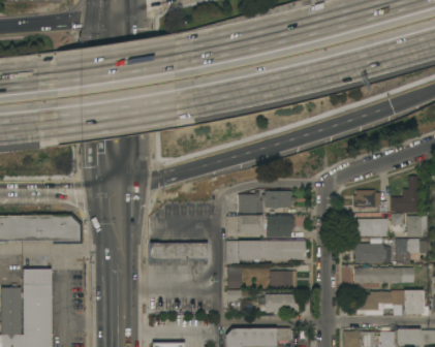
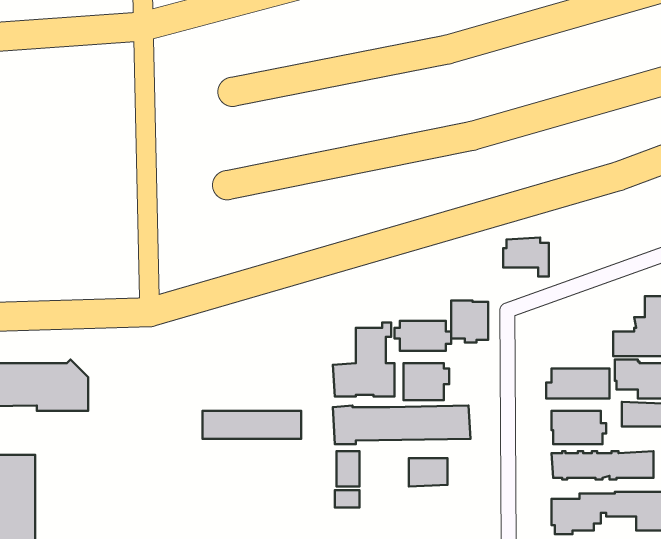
building: none -> [451,300,488,343]
building: [353,190,380,213] -> [503,238,549,276]
building: [265,294,299,313] -> none

